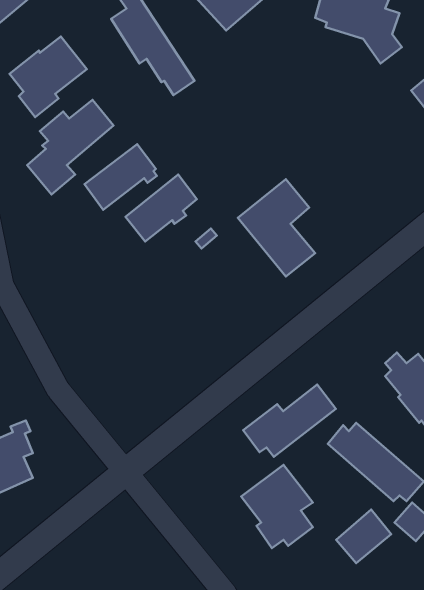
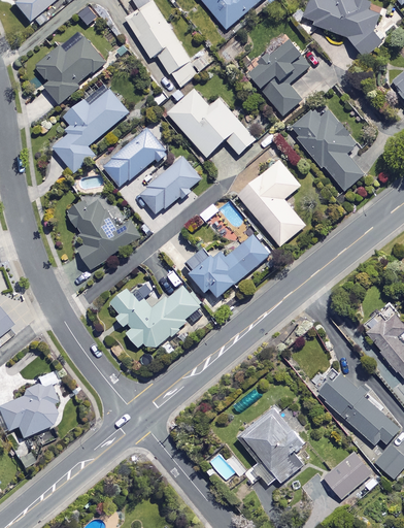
building: none -> [247,39,311,117]
building: none -> [168,89,256,156]
building: none -> [290,108,364,191]
building: none -> [66,200,140,270]
building: none -> [110,284,201,350]
building: [243,384,336,457] -> [190,232,271,296]

